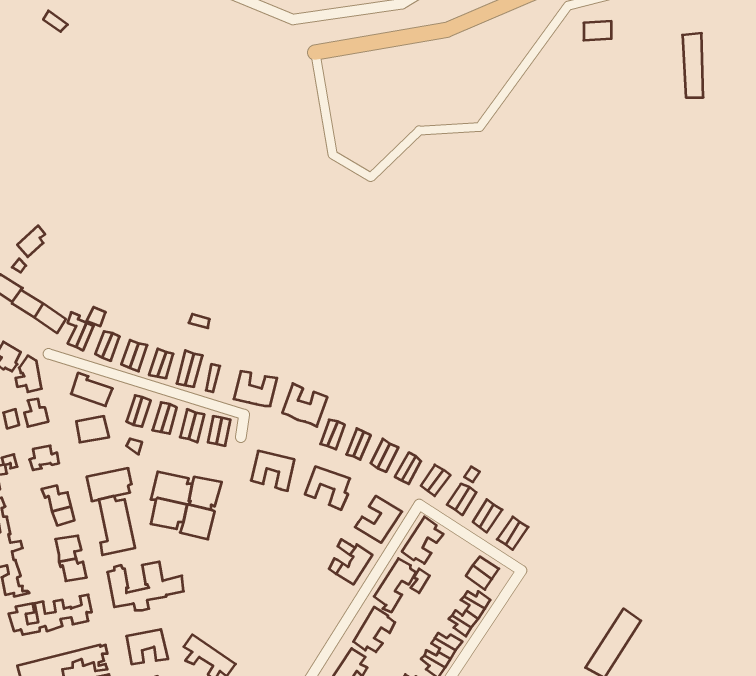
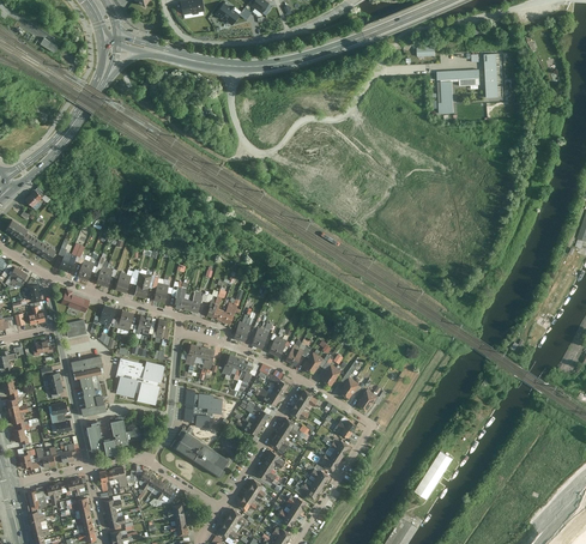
building: none -> [437,68,481,111]
building: none -> [183,389,223,428]
building: none -> [177,431,234,478]

